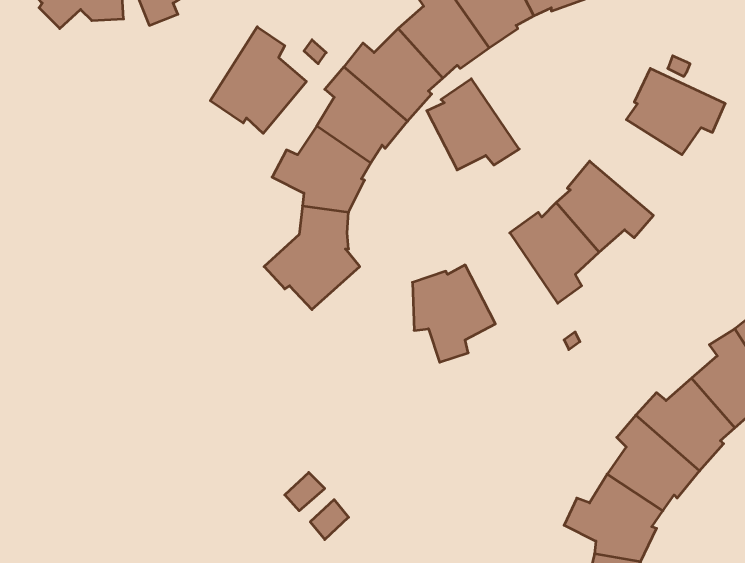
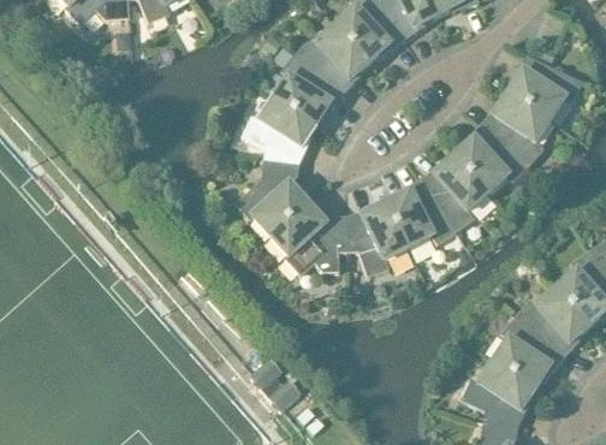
building: [210,27,306,133] -> none
building: [427,79,519,170] -> [387,178,457,247]
building: none -> [481,93,551,165]
building: none -> [272,203,349,275]

